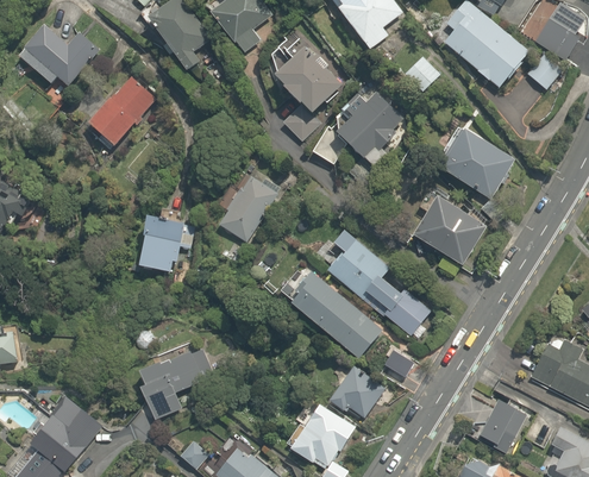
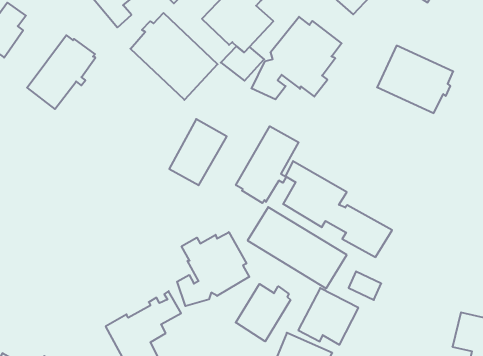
building: none -> [130,13,218,100]
building: none -> [236,126,299,203]
building: [411,194,488,265] -> none
building: [131,213,199,271] -> none
building: none -> [177,232,249,306]
building: none -> [236,284,290,341]

